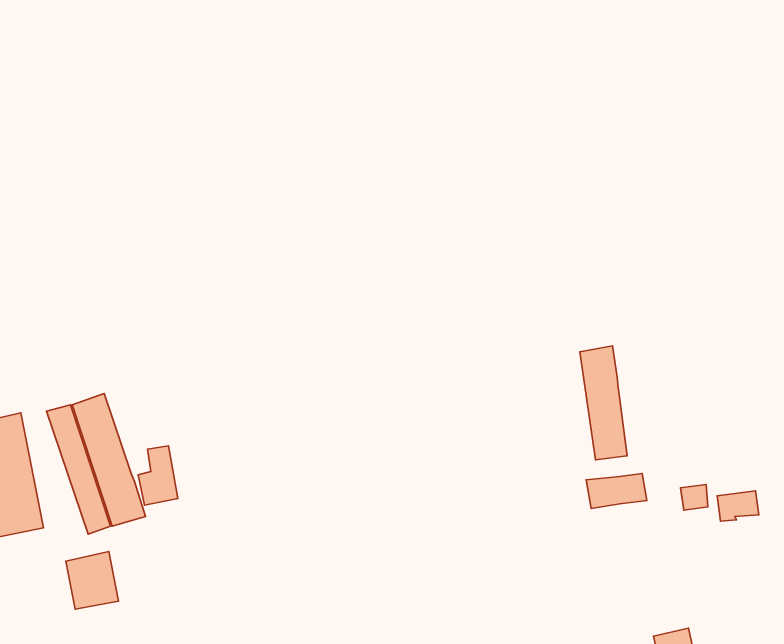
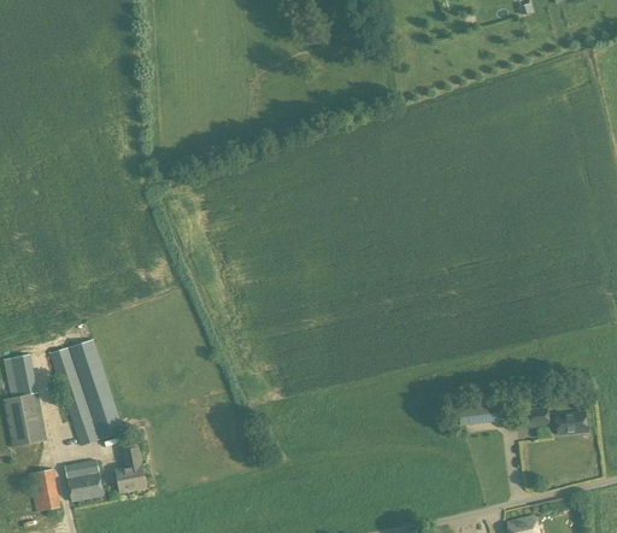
building: [580,346,627,460] -> none
building: [138,446,178,505] -> [116,447,146,492]
building: none -> [28,469,60,511]

